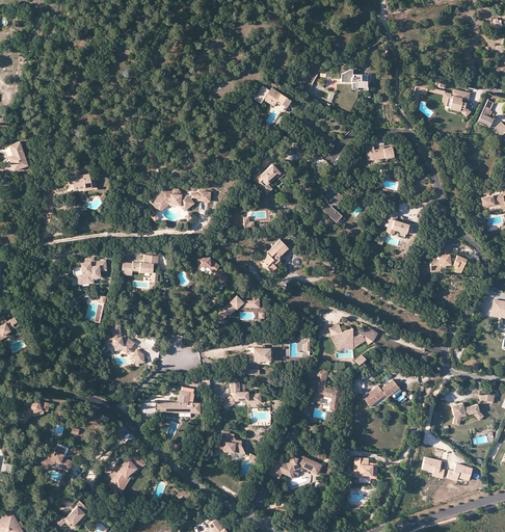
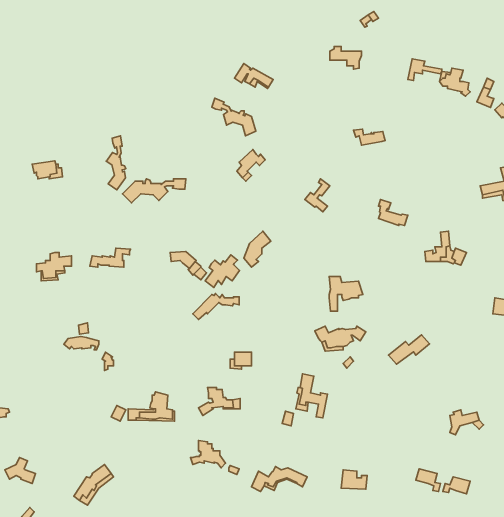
building: none -> [212,98,256,136]
building: none -> [106,136,126,190]
building: none -> [205,255,240,287]
building: none -> [329,276,363,311]
building: [362,379,399,406] -> [389,335,429,364]

